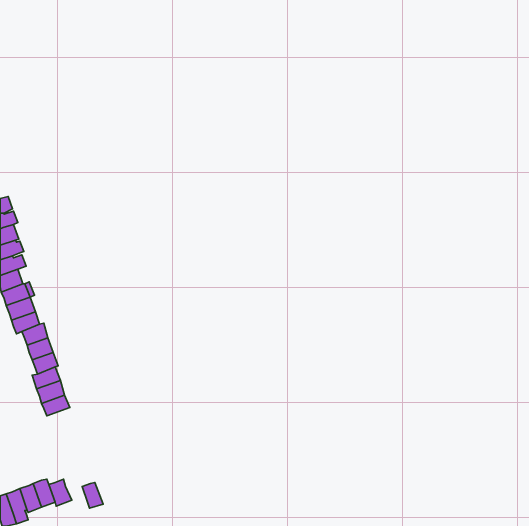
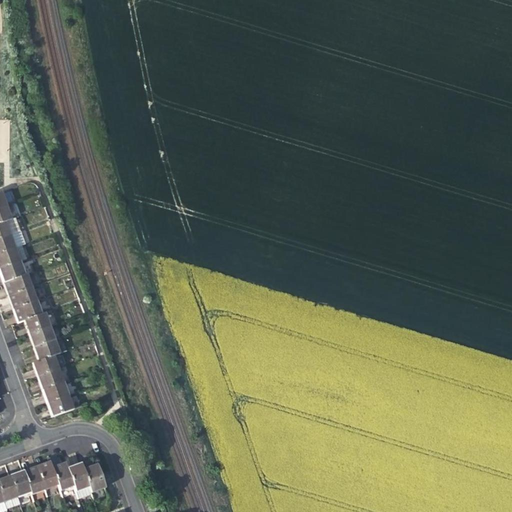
building: none -> [48,392,75,414]
building: none -> [66,463,88,497]

